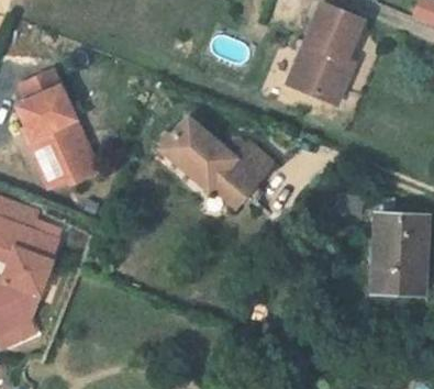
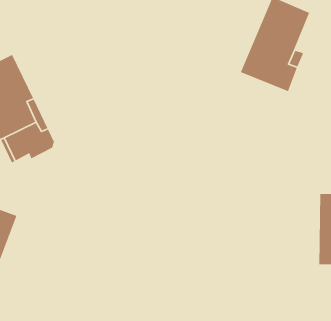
building: [152,100,268,193] -> none

